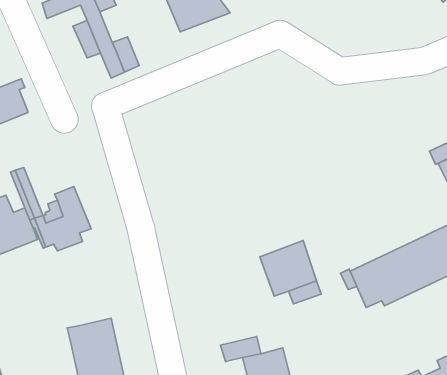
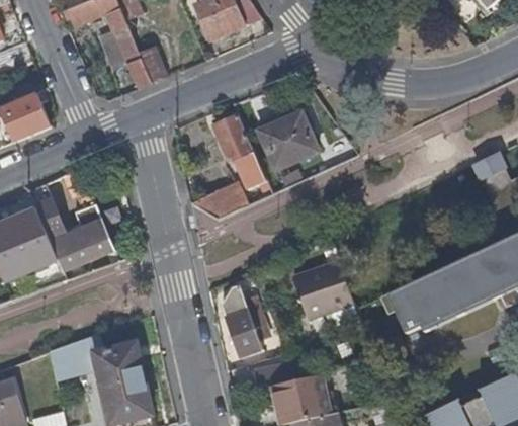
building: none -> [258,112,317,170]
building: none -> [189,116,271,220]
building: none -> [221,284,267,356]
building: none -> [48,332,102,378]

